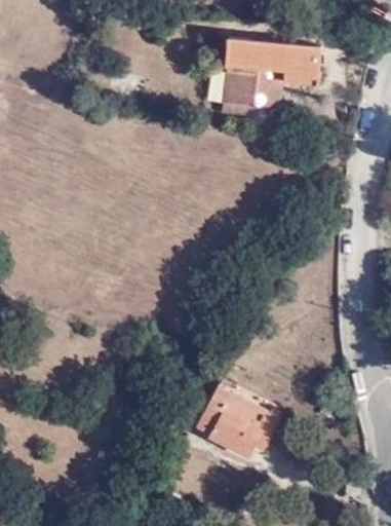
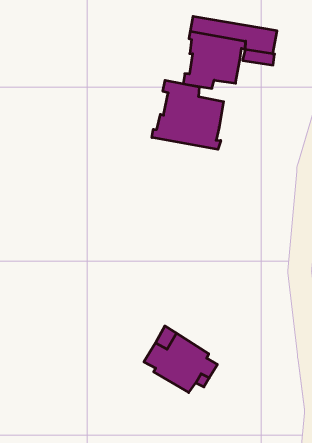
building: none -> [152,80,224,149]

